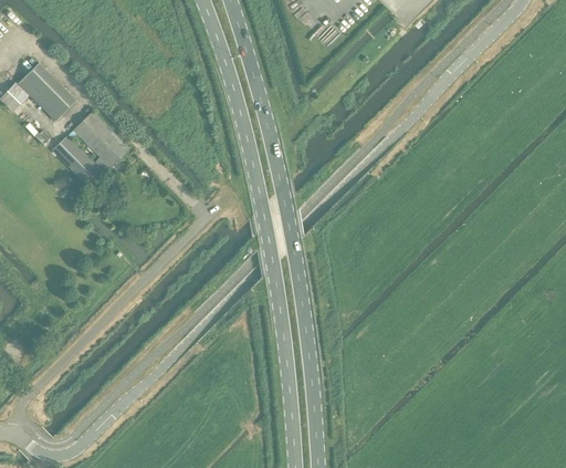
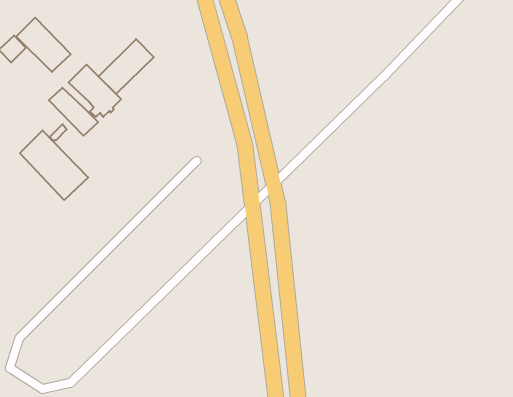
building: none -> [98,39,154,94]
building: none -> [20,130,88,200]

